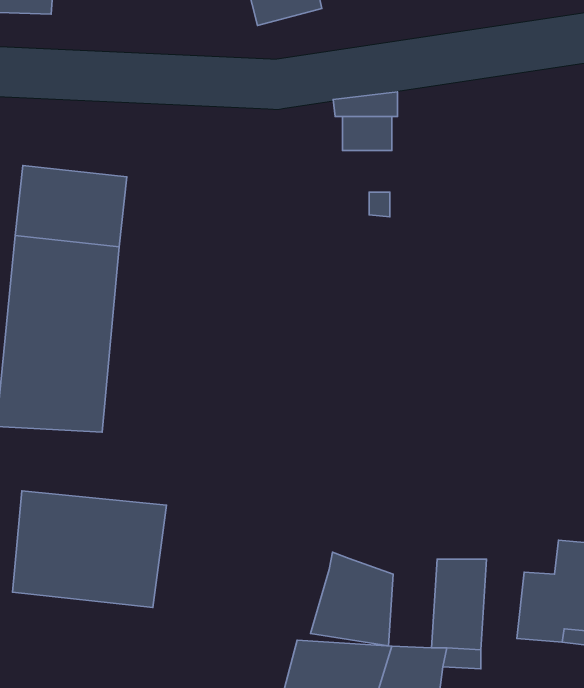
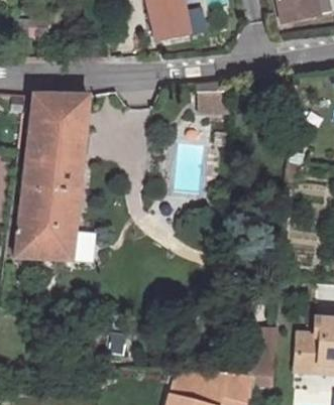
building: none -> [29,96,88,125]
building: [12,491,167,607] -> none
building: [310,552,393,646] -> none

